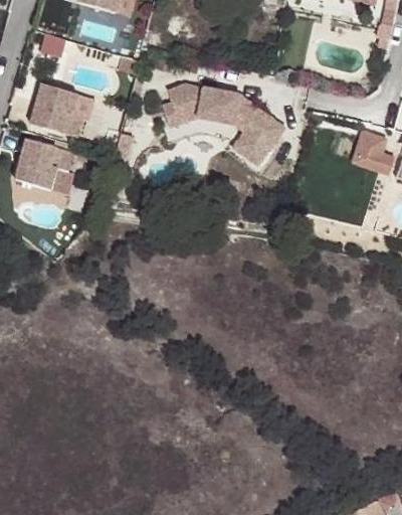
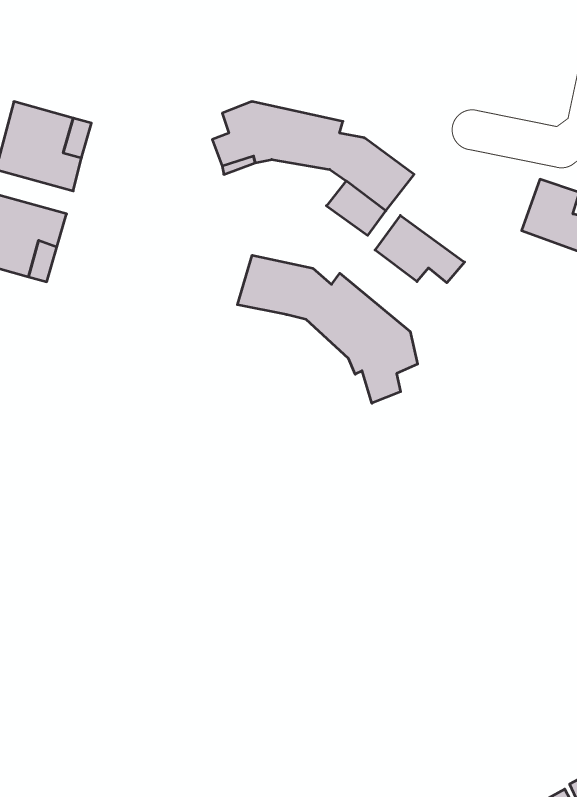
building: none -> [375,215,465,283]
building: none -> [237,255,418,403]

